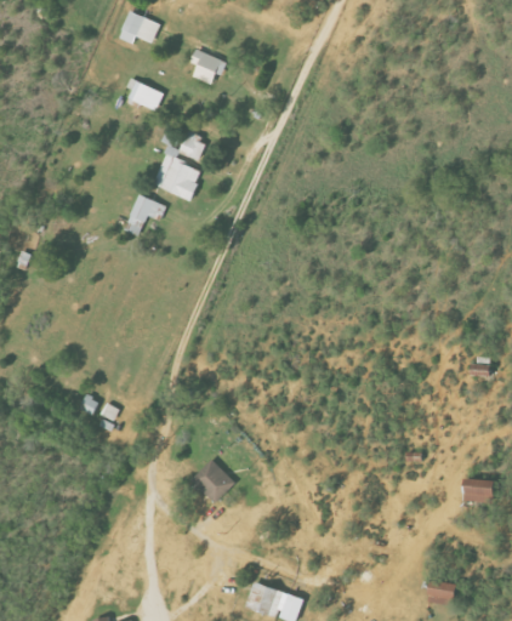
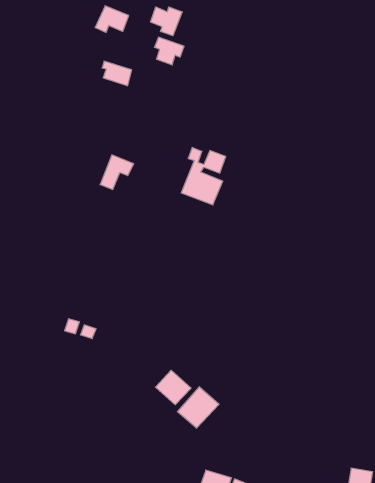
building: none -> [150,7,182,36]
building: [152,129,206,199] -> [181,148,226,205]
building: none -> [177,387,219,428]

